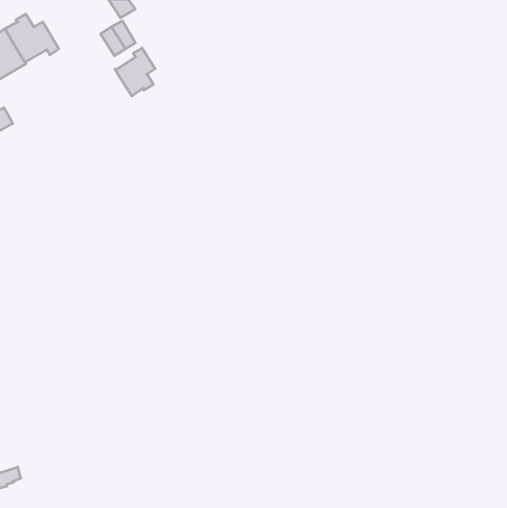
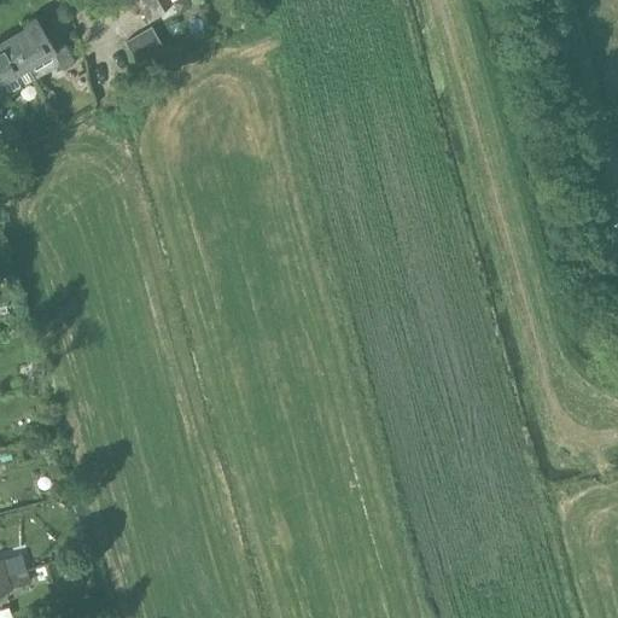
building: [115,48,155,96] -> none

